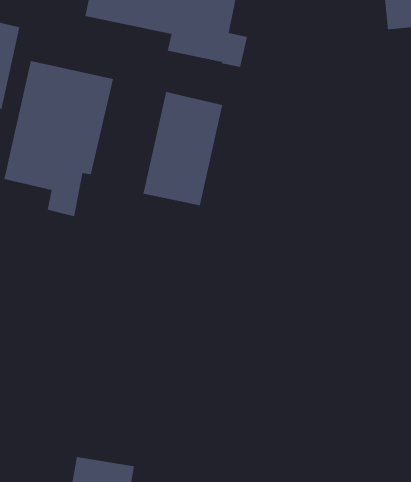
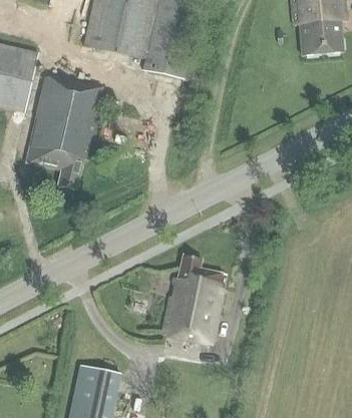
building: [143,91,223,206] -> none
building: none -> [160,255,225,344]

